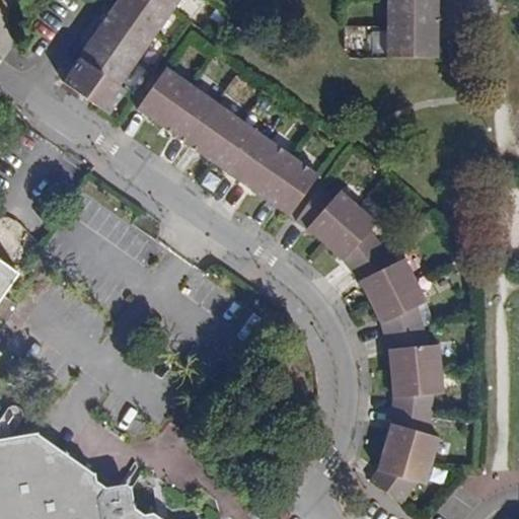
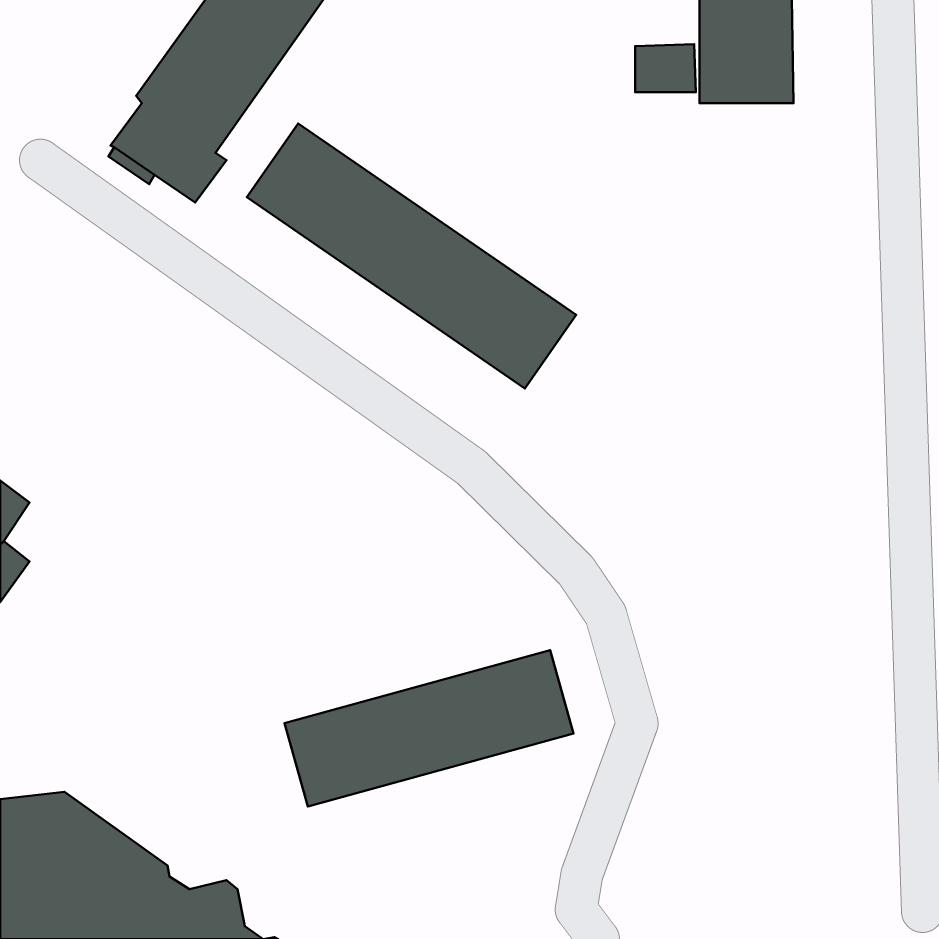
building: [296,177,444,501] -> none
building: none -> [284,650,574,807]

